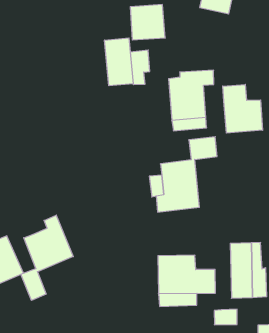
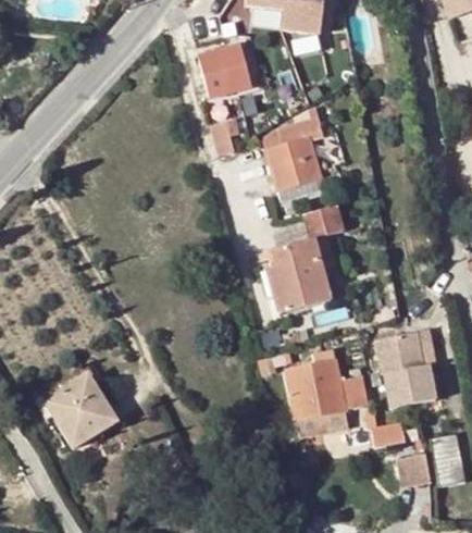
building: [105,38,133,86] -> none
building: [223,84,263,133] -> none
building: [21,215,73,300] -> none

